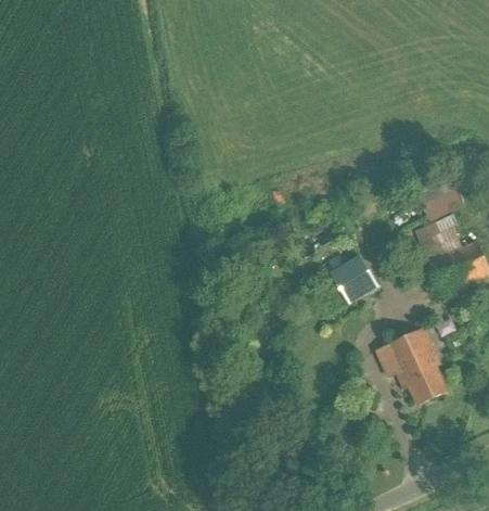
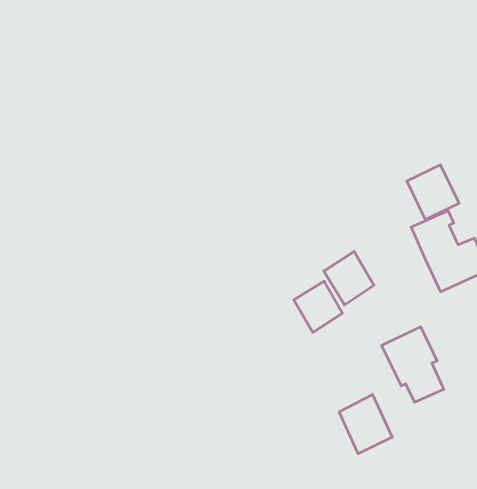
building: none -> [294,281,342,332]
building: none -> [339,394,392,454]

